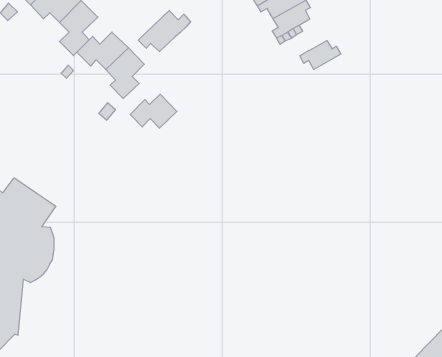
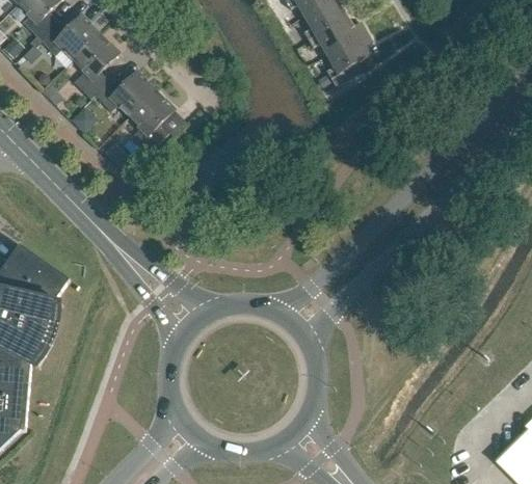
building: [138,10,191,52] -> none
building: [300,41,341,70] -> none
building: [130,94,177,128] -> none

